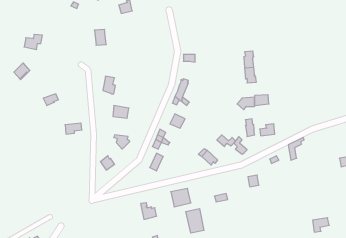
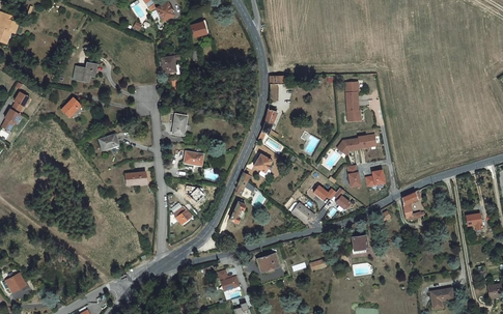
building: [186,209,204,233] -> none

